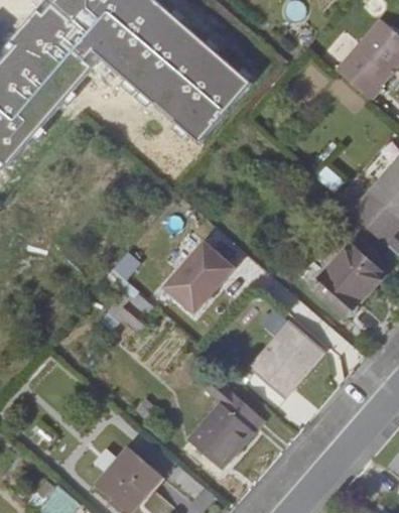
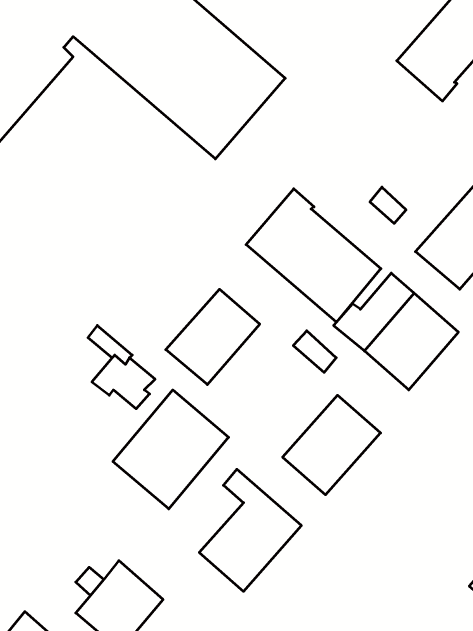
building: none -> [246,189,381,322]
building: none -> [113,390,229,509]

